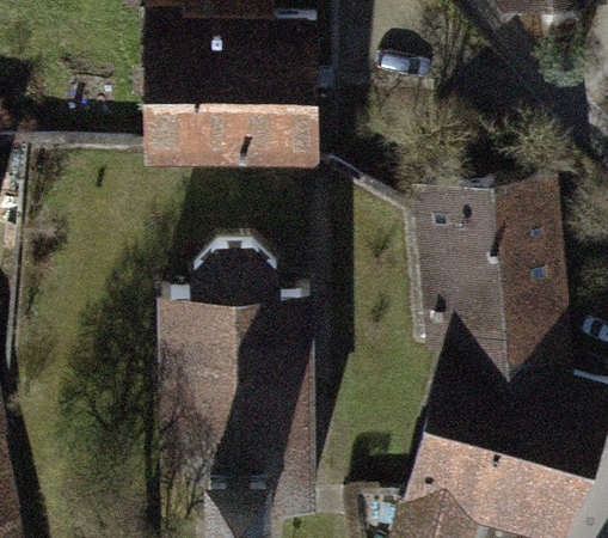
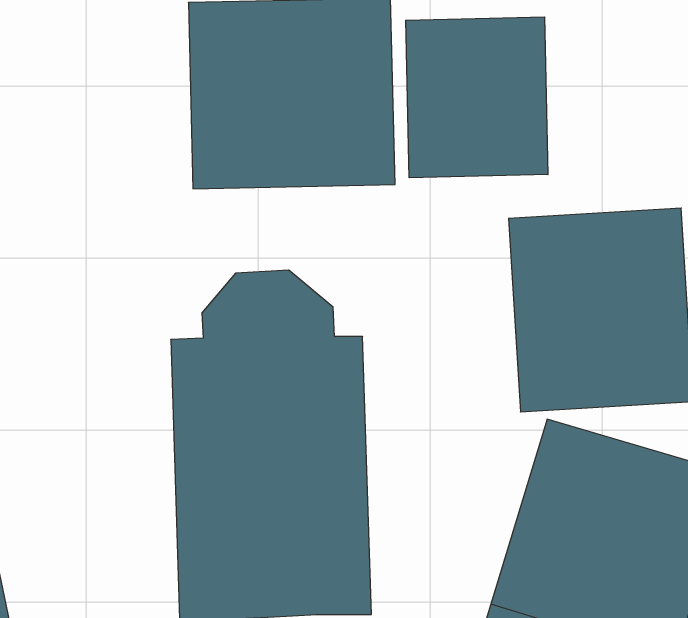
building: none -> [406,17,548,178]

